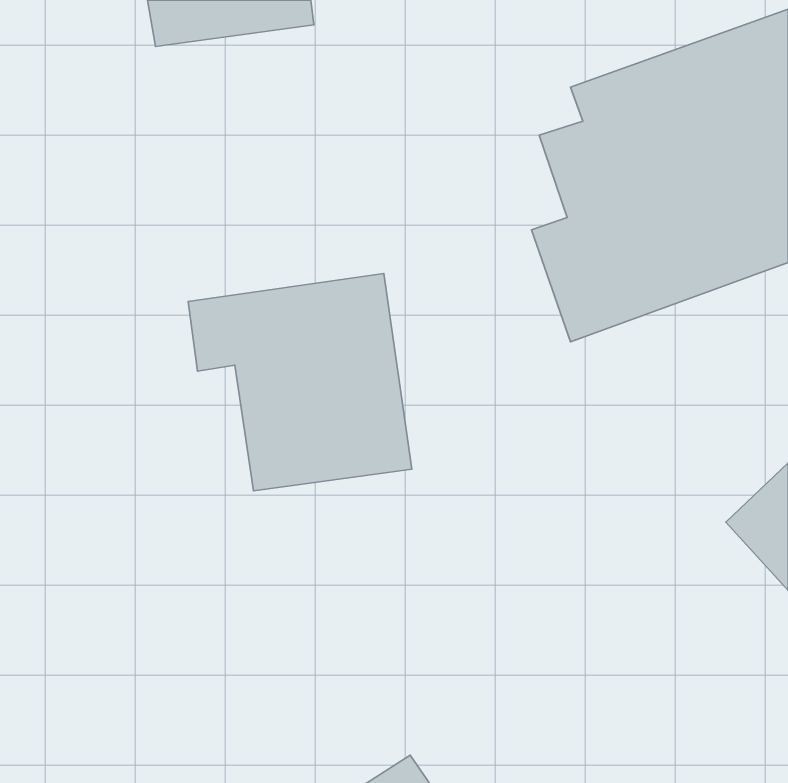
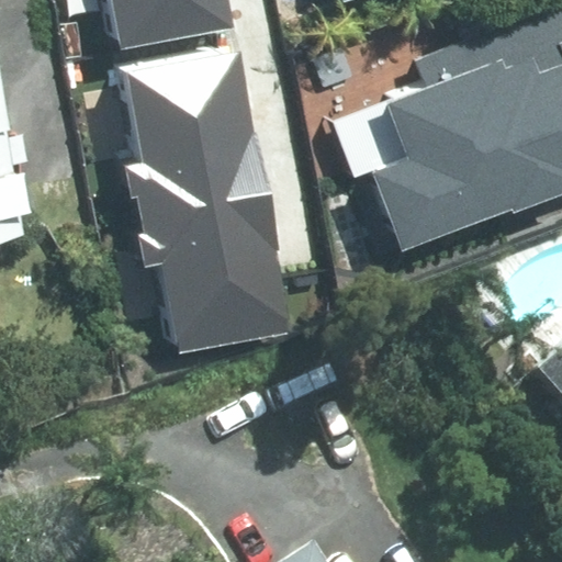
building: none -> [126,65,271,221]

